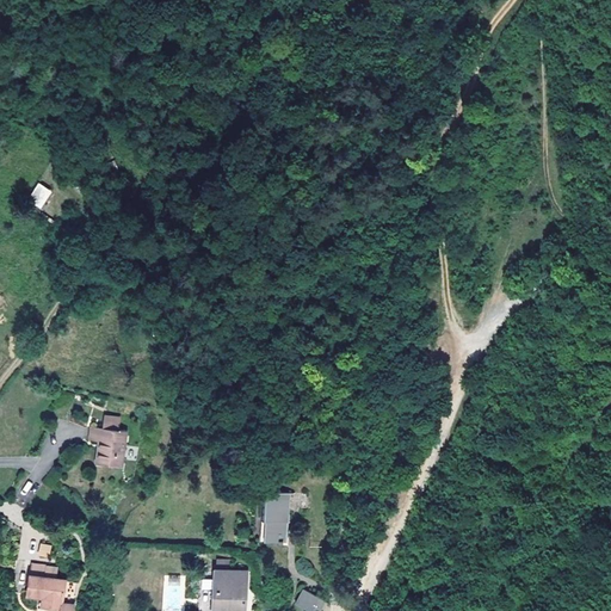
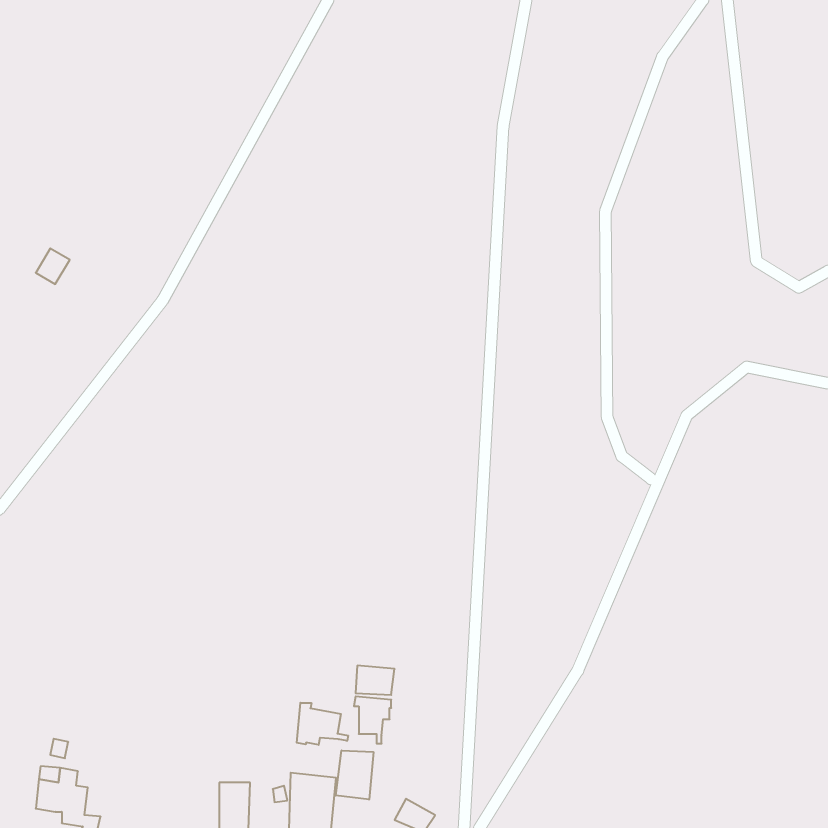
building: [92,421,129,469] -> none
building: none -> [297,703,348,745]
building: none -> [336,750,373,800]

